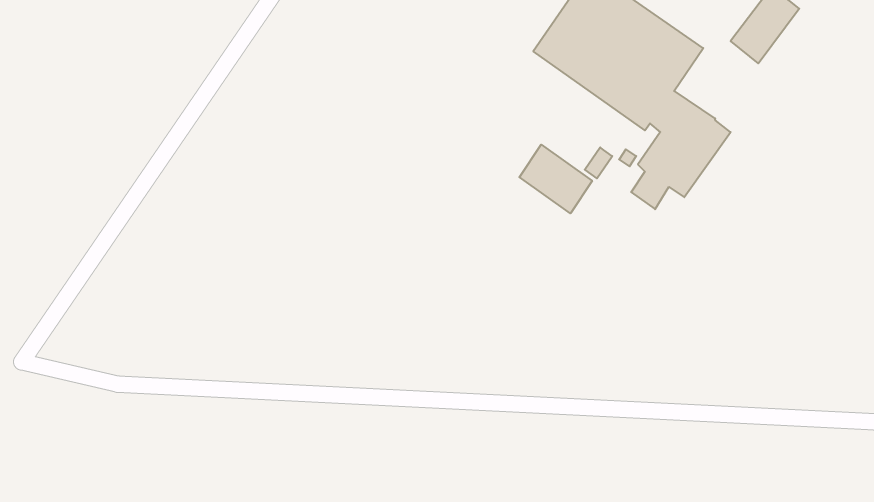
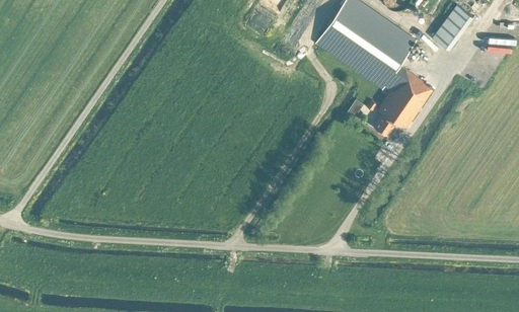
building: [519,145,592,213] -> none

